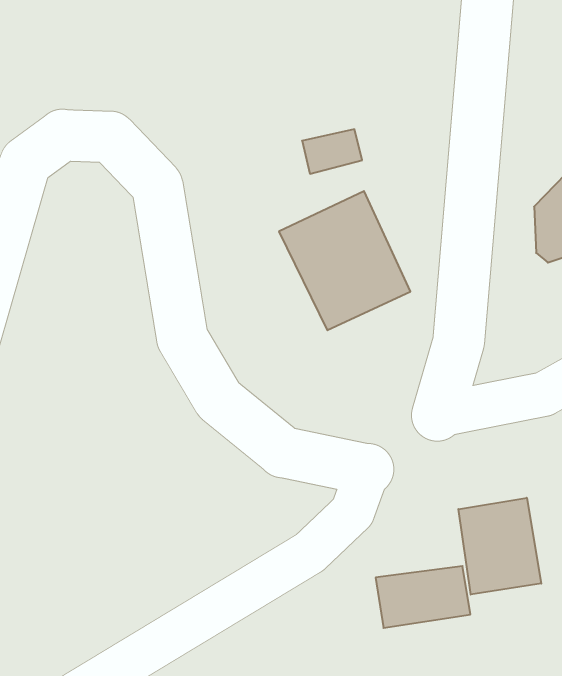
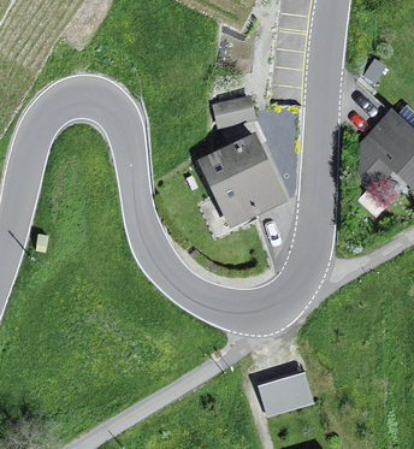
building: [458,498,541,595] -> none

